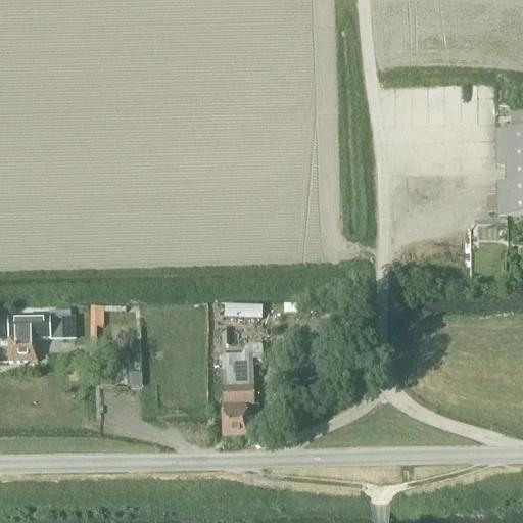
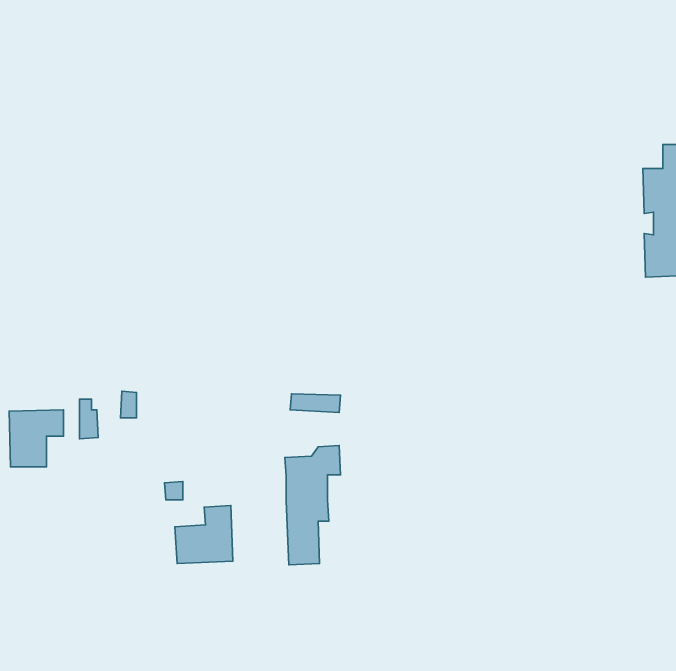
building: none -> [175,505,233,564]

